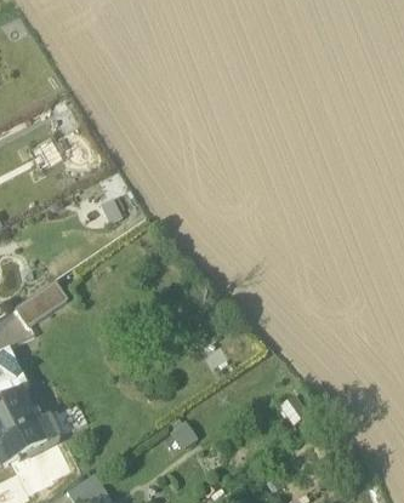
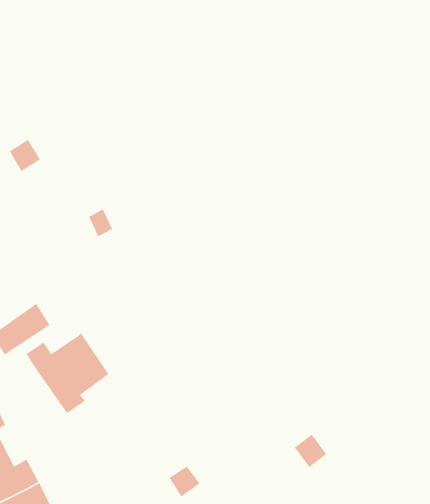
building: none -> [25,332,109,414]

